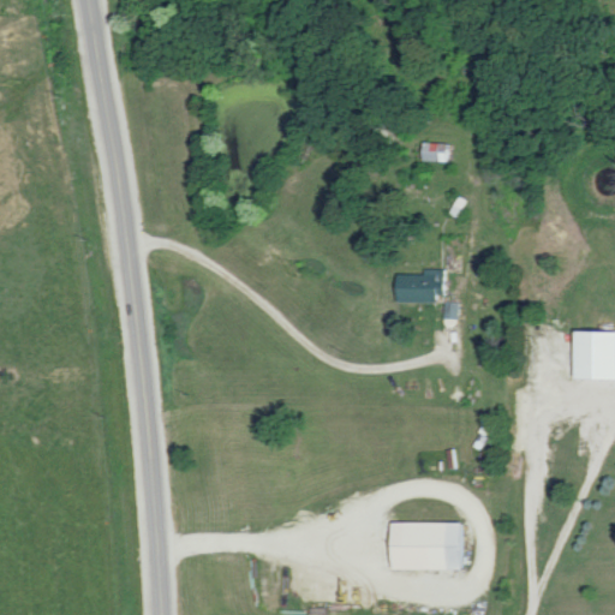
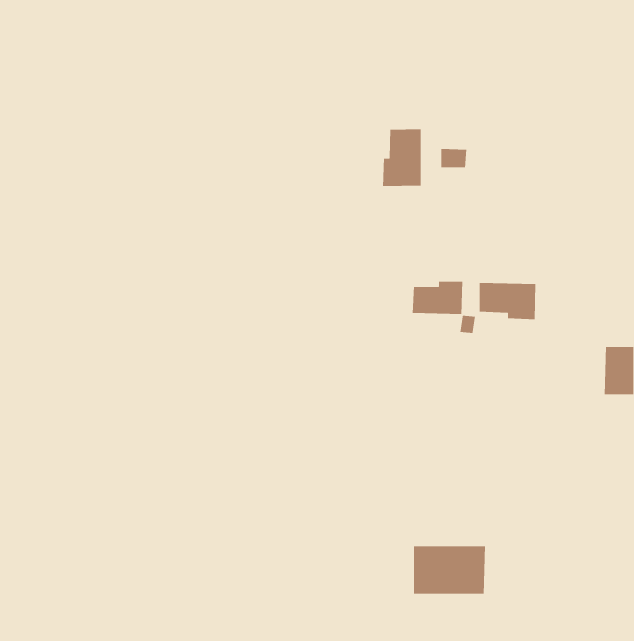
building: none -> [382,128,422,187]
building: none -> [479,282,536,320]

